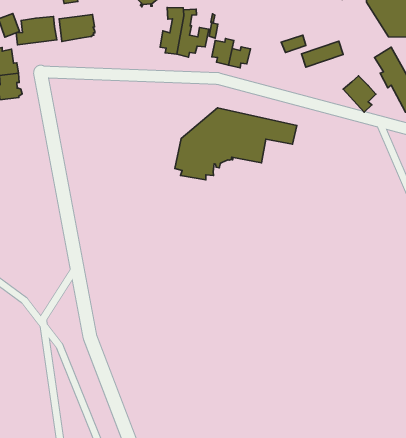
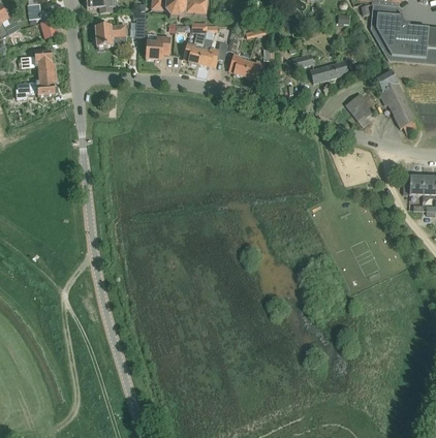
building: [16,17,57,45] -> none
building: none -> [146,33,170,60]
building: [175,108,297,180] -> none

